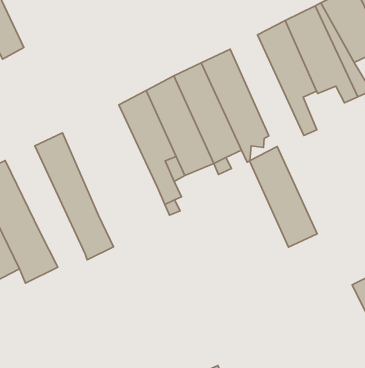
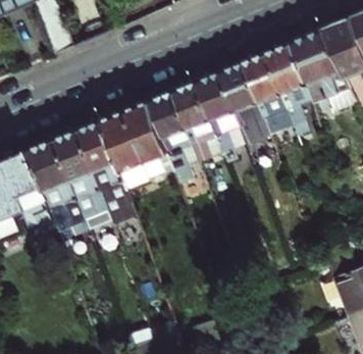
building: none -> [101,99,175,189]
building: none -> [52,128,112,229]
building: [250,146,317,247] -> [244,50,295,134]

